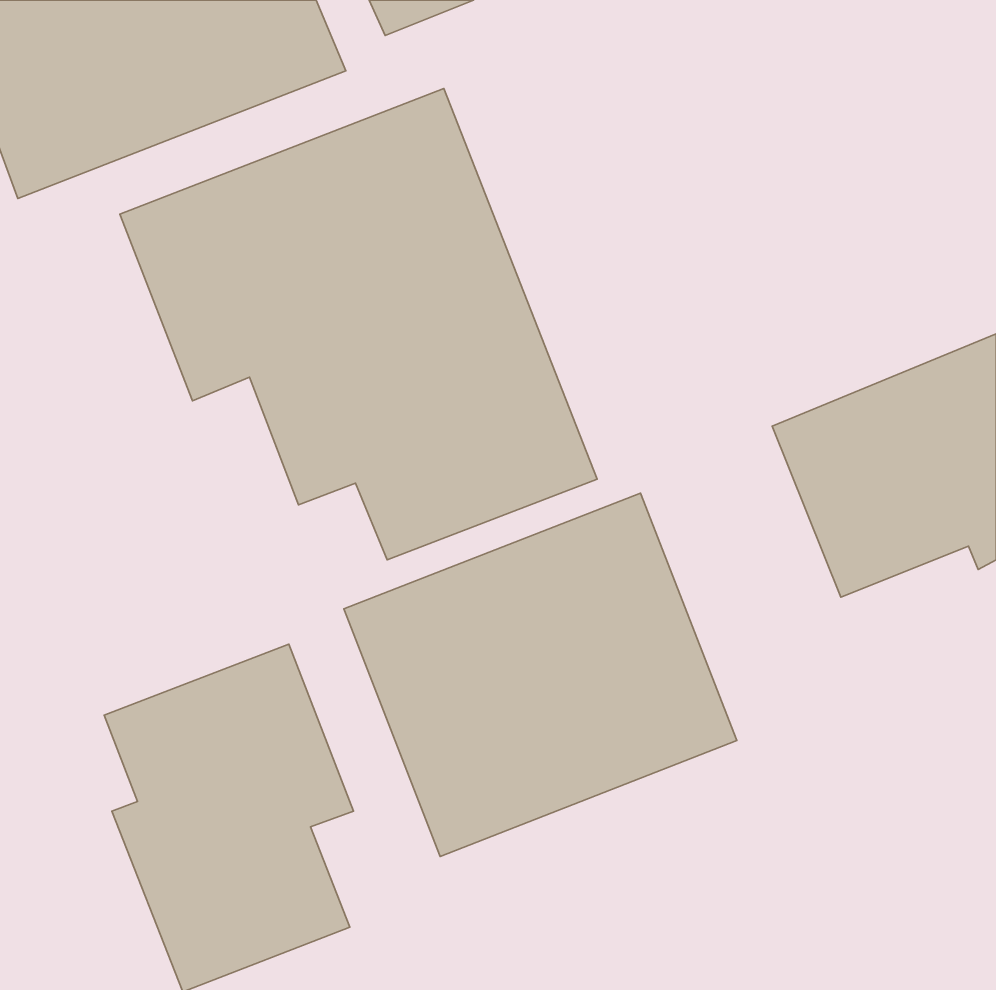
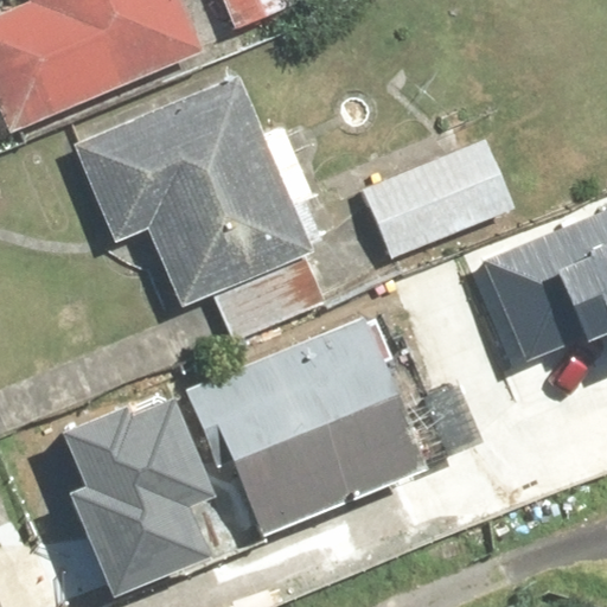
building: none -> [360,133,520,261]

